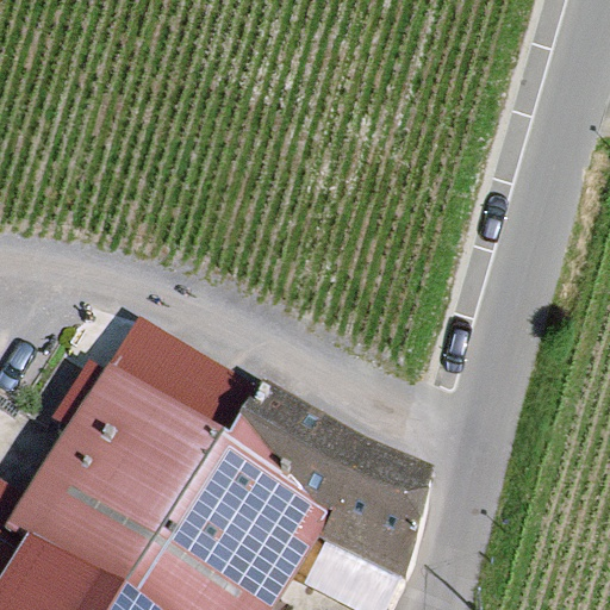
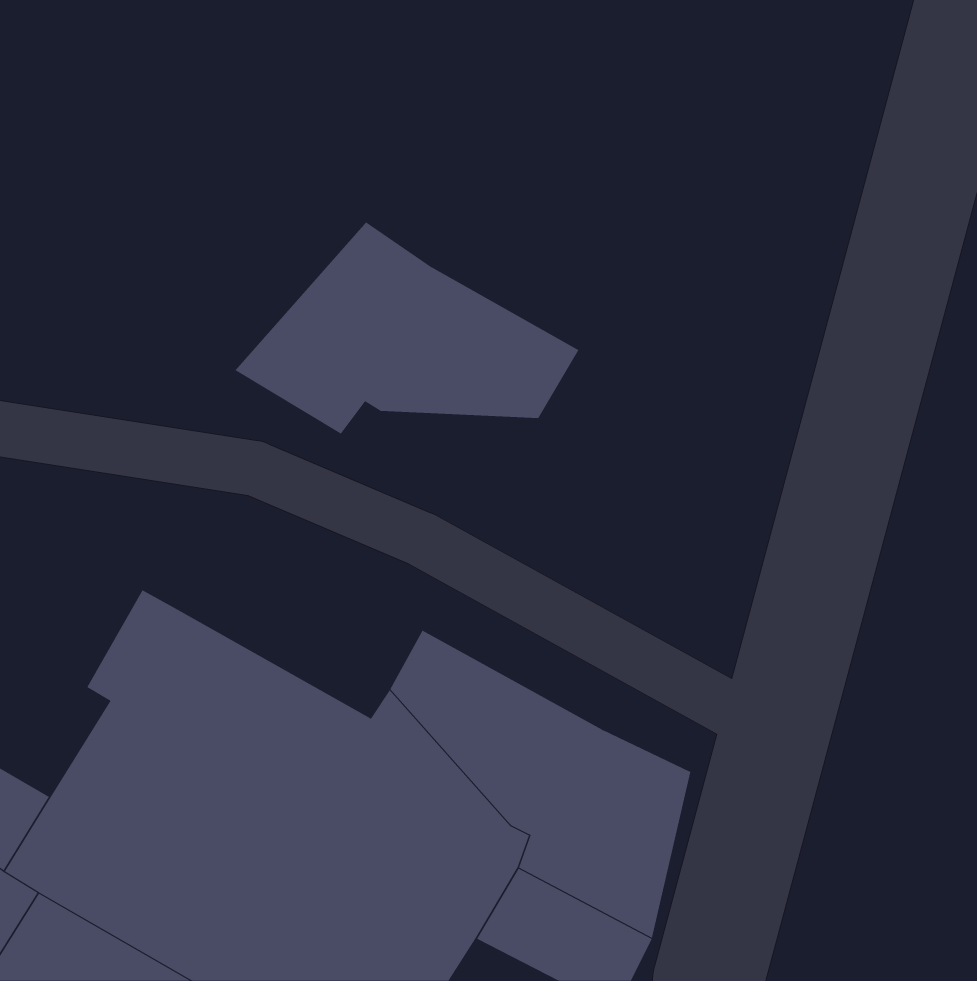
building: none -> [234,222,579,435]
building: [110,320,262,446] -> none

